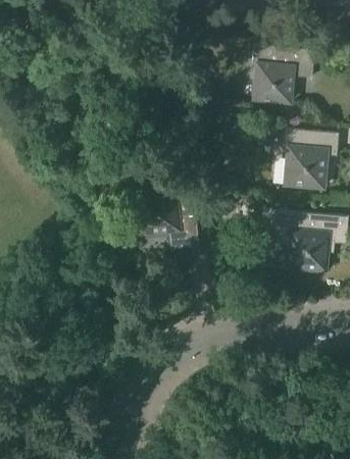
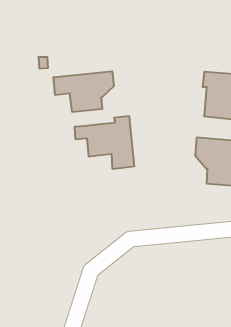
building: [251,47,313,104] -> none
building: none -> [54,71,114,112]

